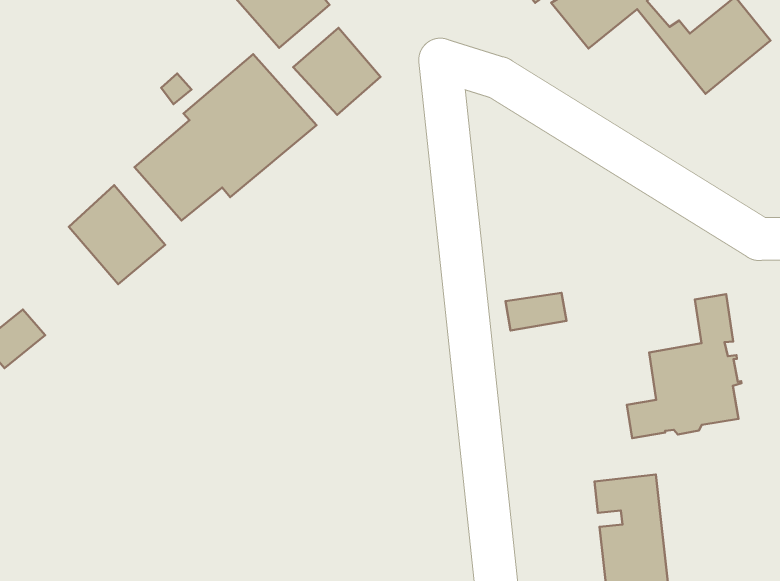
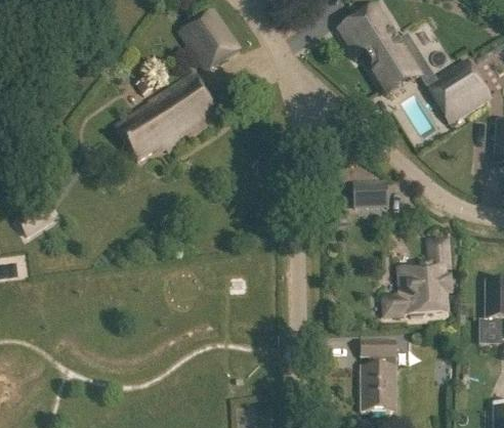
building: [293,28,380,115] -> none
building: [69,185,165,284] -> none
building: [506,293,566,331] -> [353,182,387,201]

